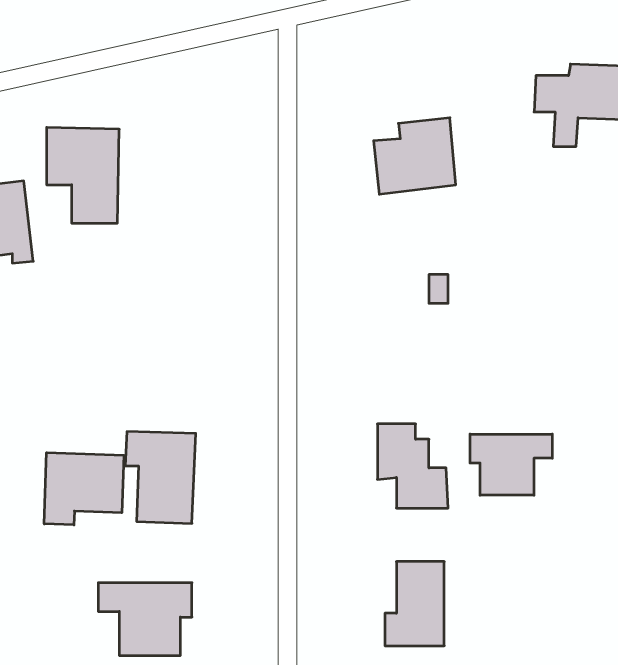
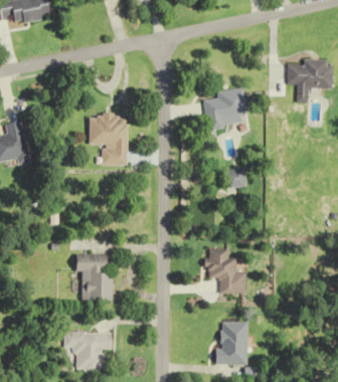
building: [47,127,119,223] -> [89,115,127,165]
building: [470,434,552,495] -> none
building: [44,453,124,525] -> none

